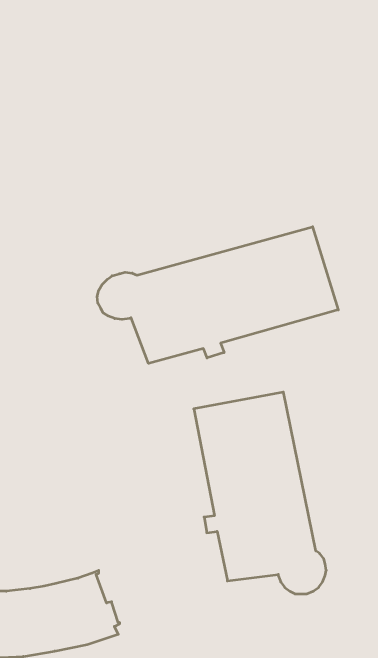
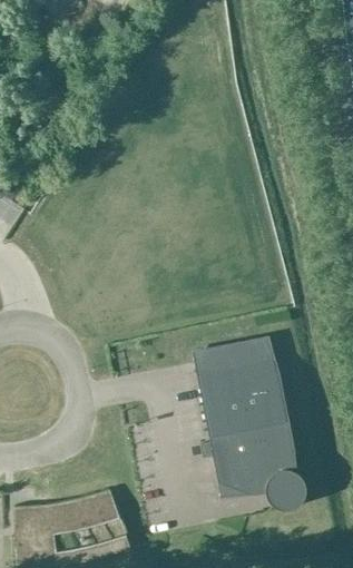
building: [97,227,338,363] -> none

